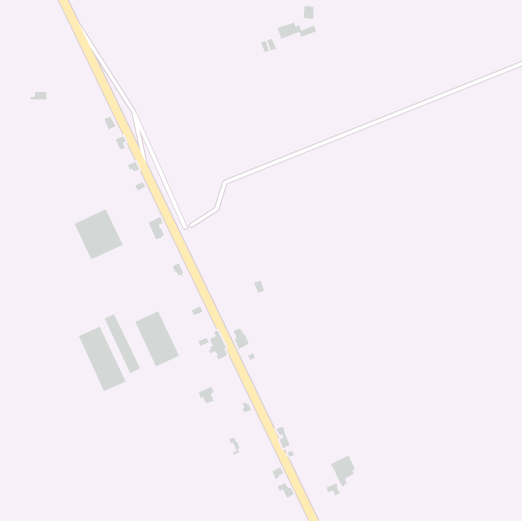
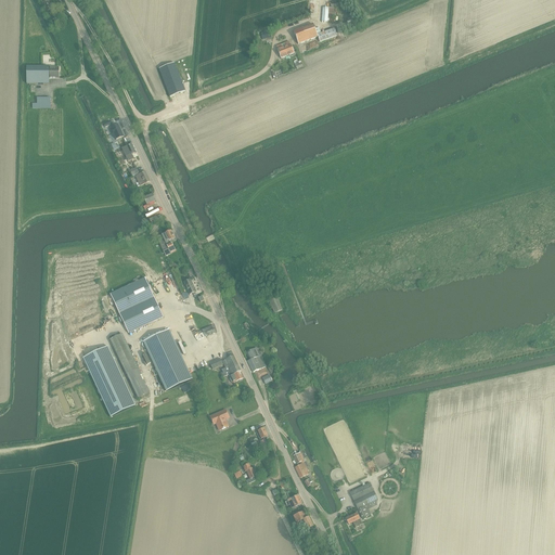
building: none -> [158,61,184,95]
building: none -> [26,65,57,82]
building: [74,208,124,260] -> [109,276,163,332]

